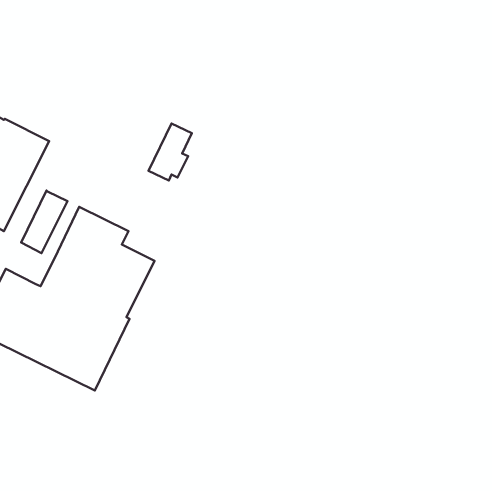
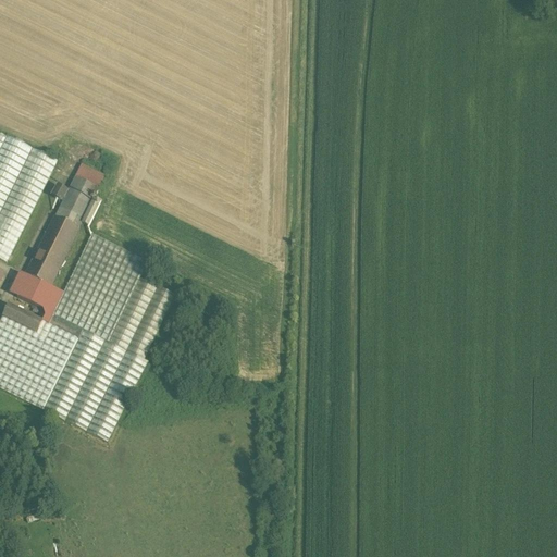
building: [148,123,192,180] -> [53,162,102,226]
building: none -> [8,270,61,322]

